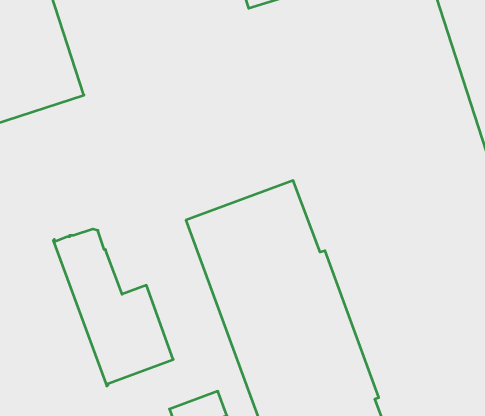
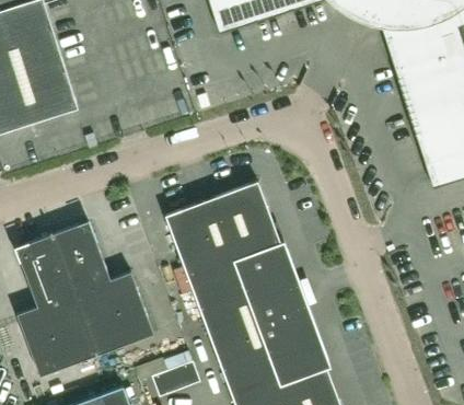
building: none -> [16,231,97,375]

